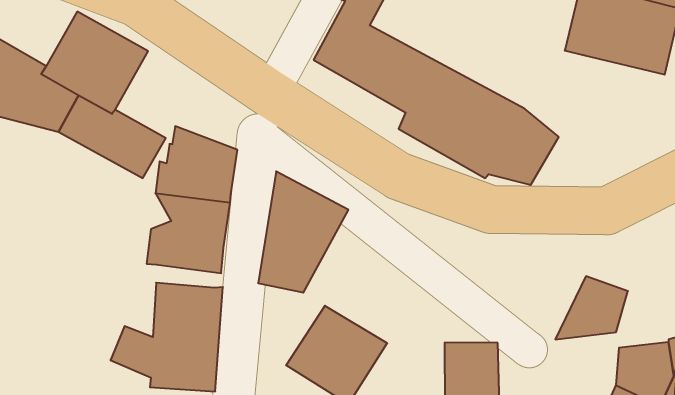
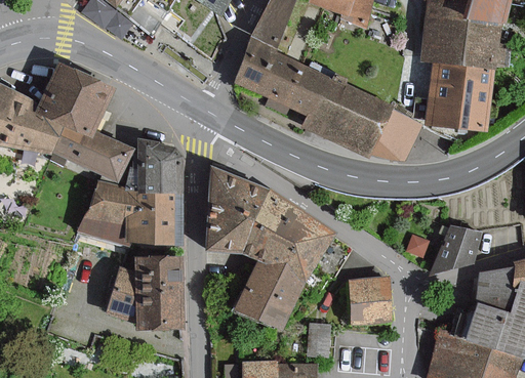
building: none -> [422,61,492,131]
building: none -> [77,184,139,242]
building: none -> [241,190,333,285]

